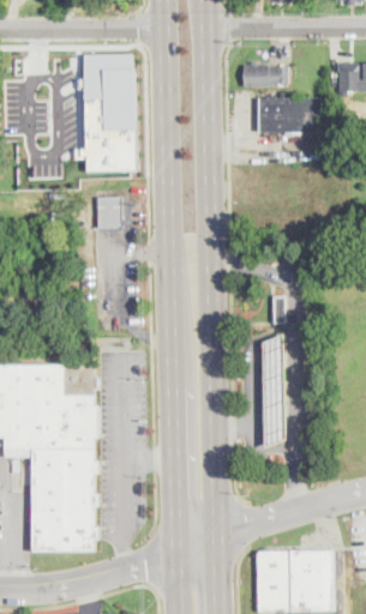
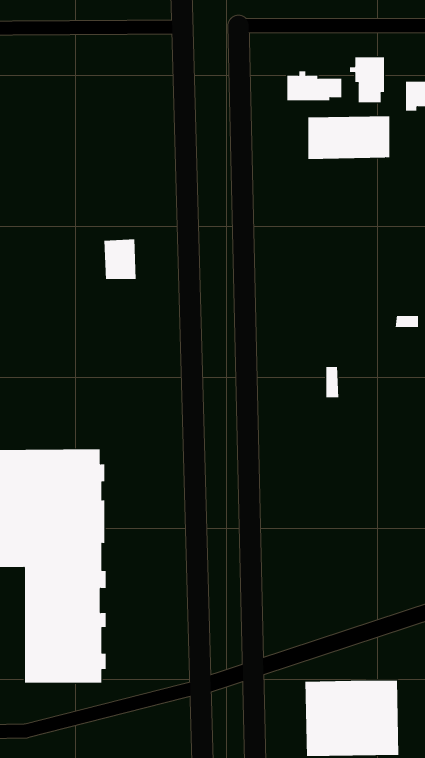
building: none -> [349,56,385,103]
building: [73,53,137,170] -> none
building: [262,333,286,447] -> none

